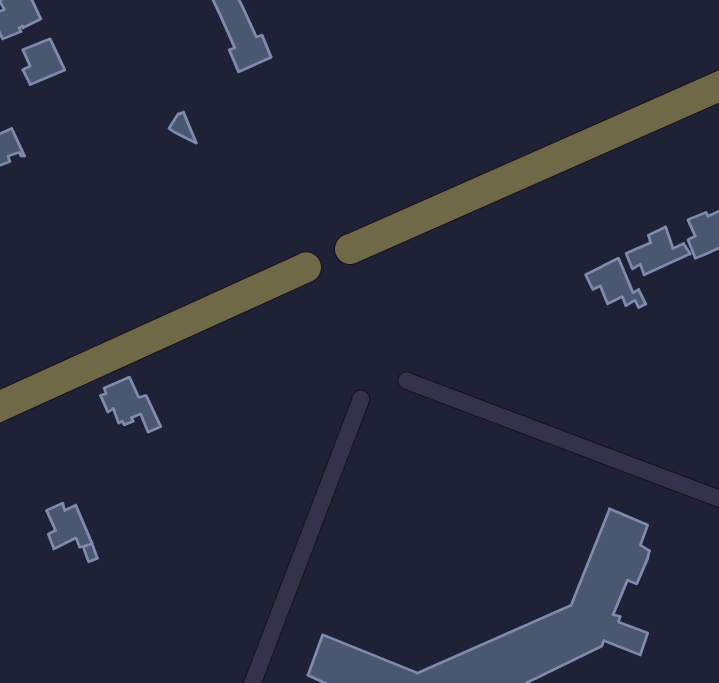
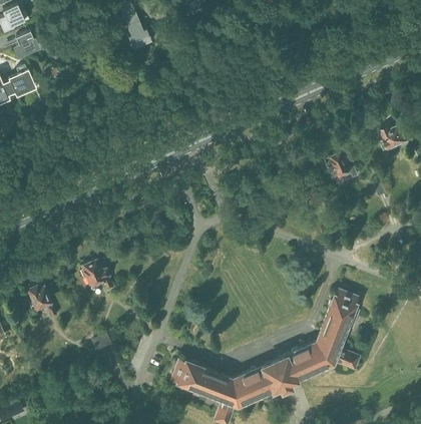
building: none -> [9,67,34,97]
building: [626,227,690,275] -> none
building: [100,377,161,432] -> [80,263,113,293]

